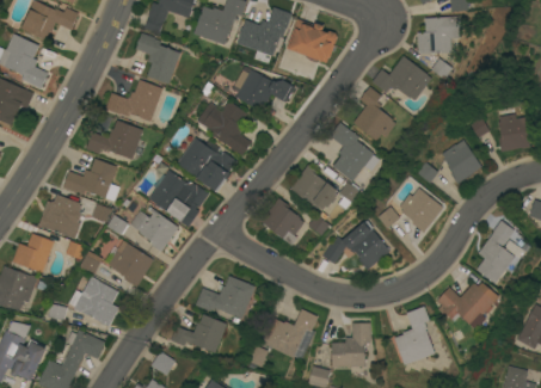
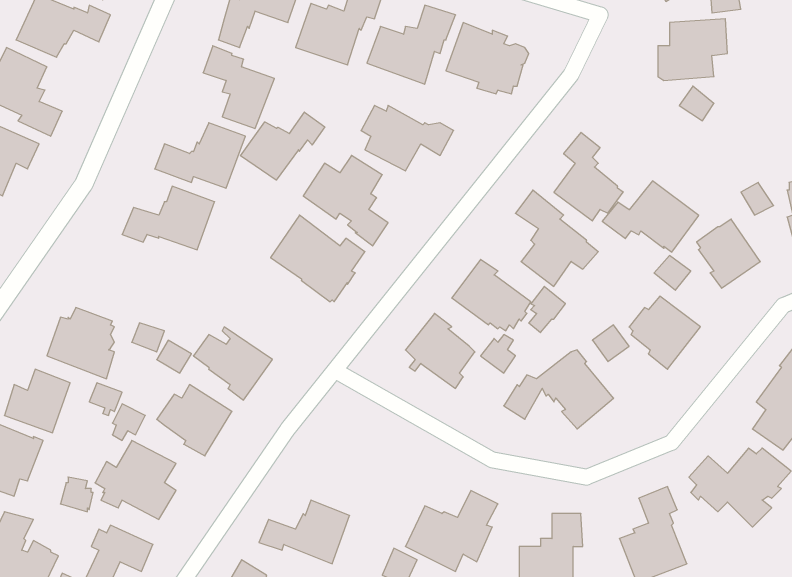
building: [373,56,432,100] -> [602,181,699,252]
building: none -> [240,112,325,180]
building: [63,159,117,197] -> none
building: [149,170,211,227] -> none
building: [196,276,256,319] -> none

